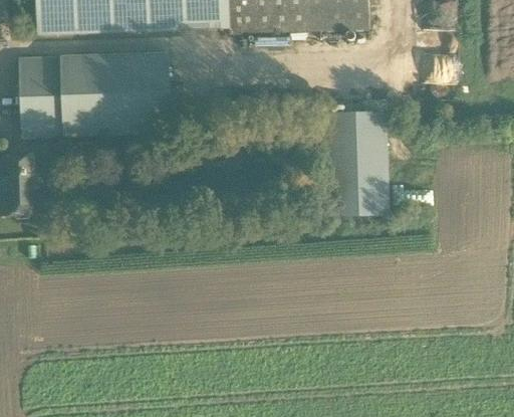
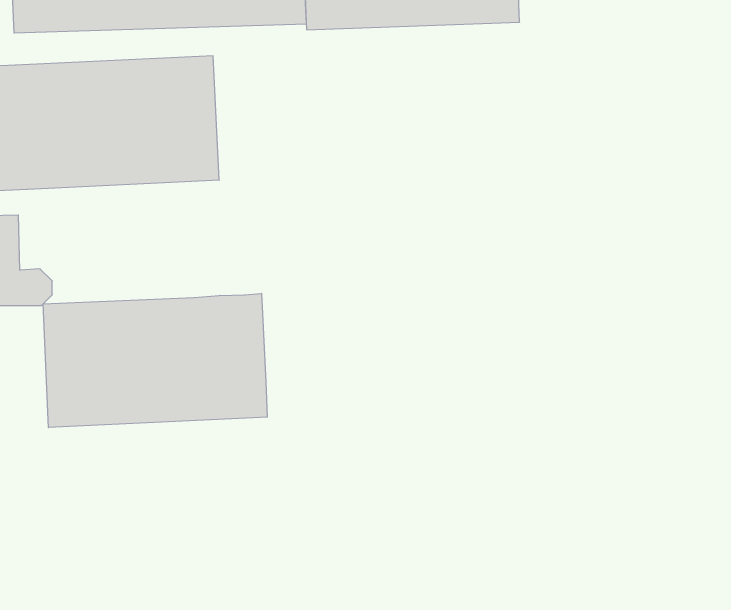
building: [315,110,390,215] -> none
building: none -> [43,293,267,428]

